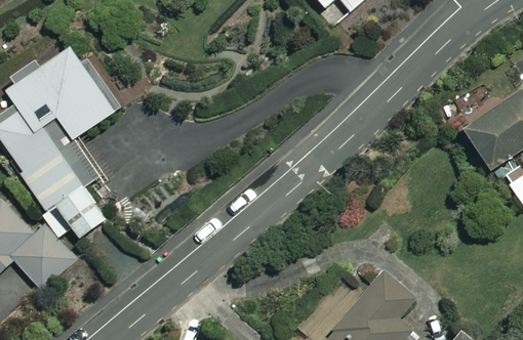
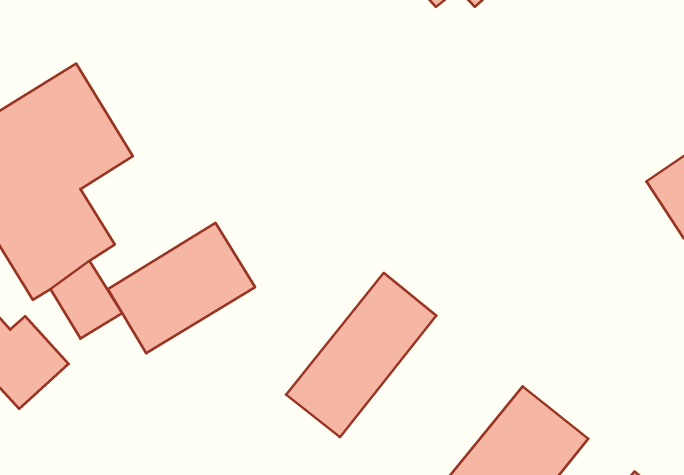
building: none -> [108,223,255,353]
building: none -> [286,273,436,437]

